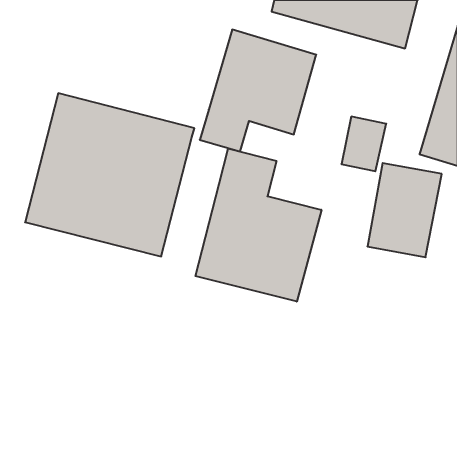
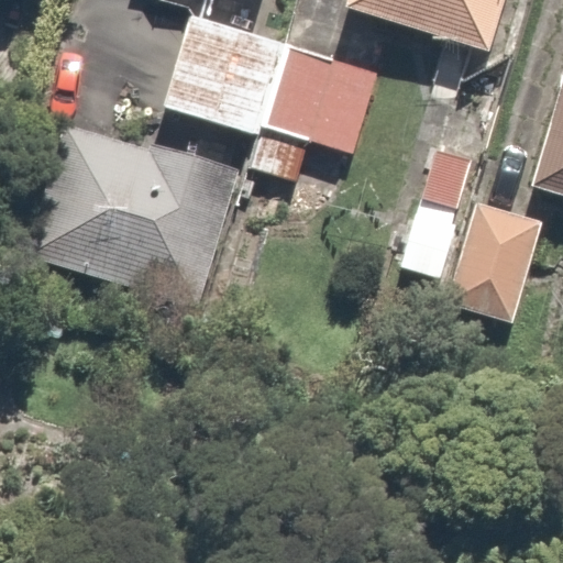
building: none -> [163,9,286,134]
building: [195,148,321,302] -> none

